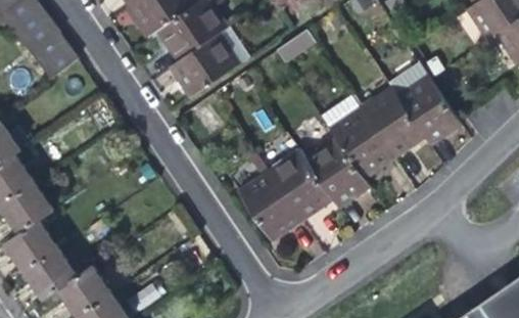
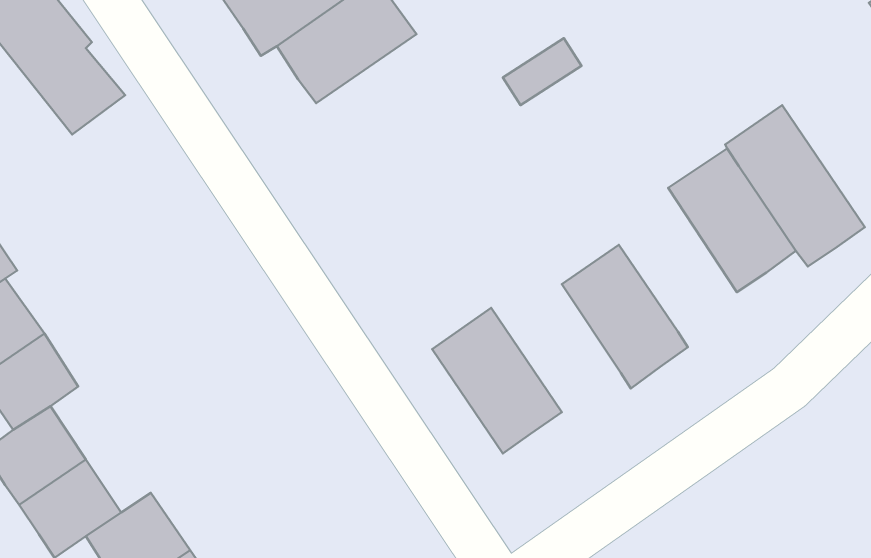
building: [169,26,249,96] -> none
building: [320,94,395,181] -> none
building: [268,147,335,223] -> none

